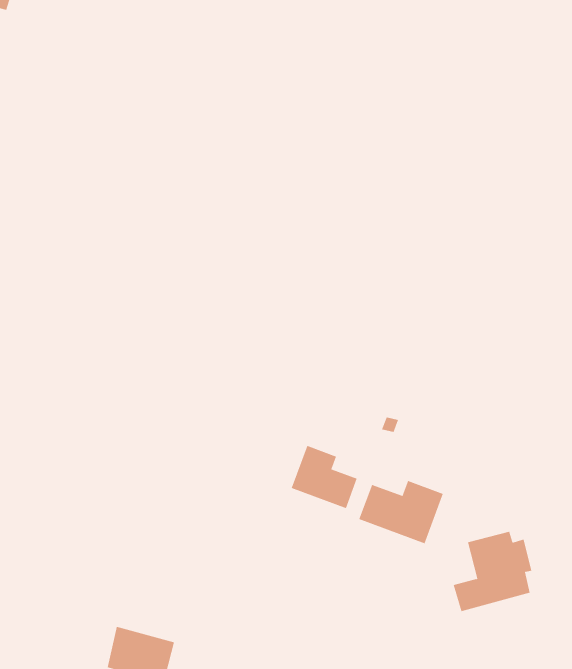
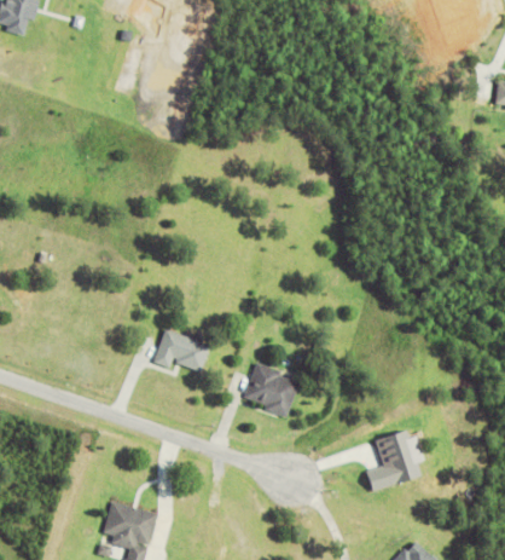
building: none -> [155,329,210,370]
building: [359,480,444,544] -> none

